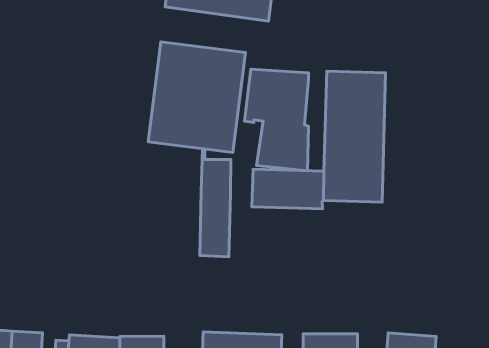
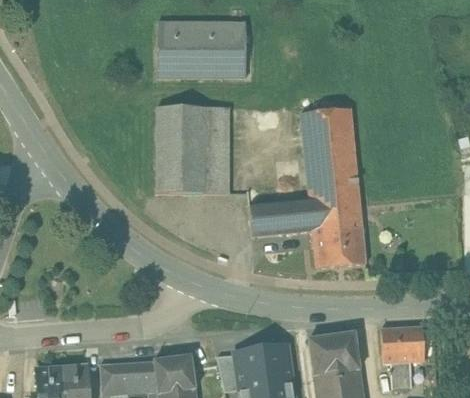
building: [244,69,309,171] -> none
building: [200,149,231,257] -> none
building: none -> [311,218,366,268]

